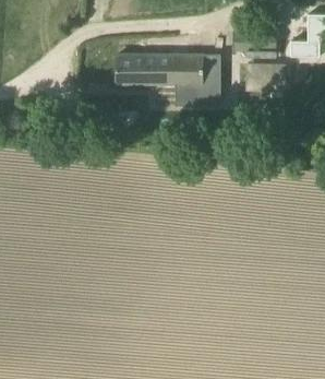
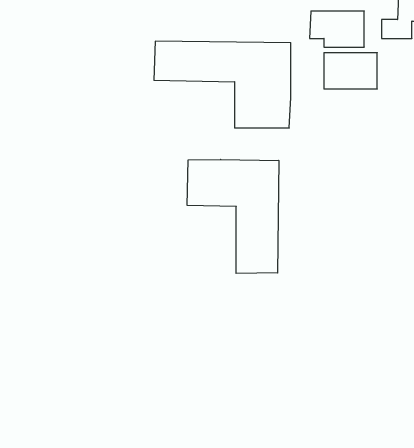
building: none -> [187,159,279,273]

